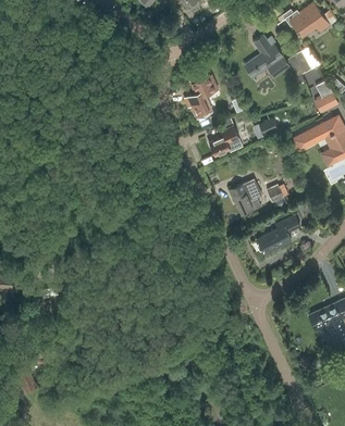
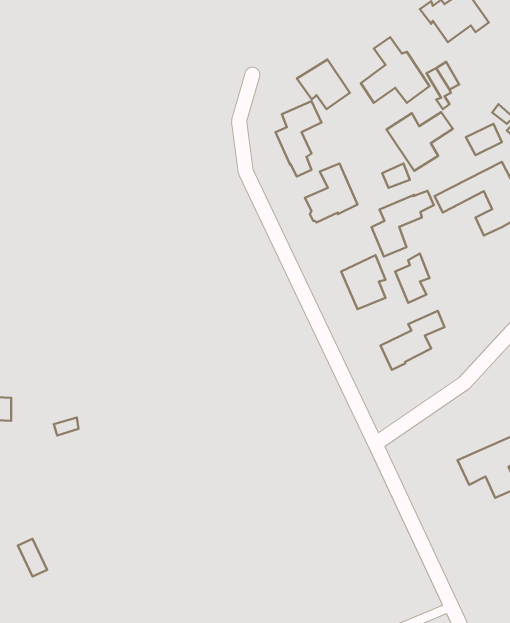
building: none -> [297,60,350,109]
building: none -> [387,112,453,171]
building: none -> [371,191,434,256]

